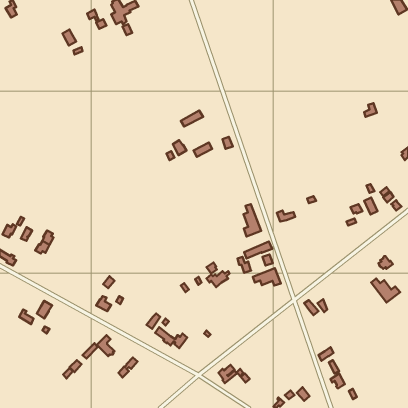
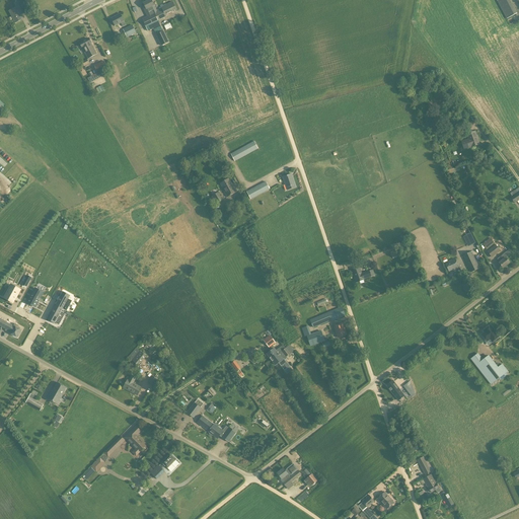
building: [243,204,261,236] -> none
building: [253,268,281,285] -> none

